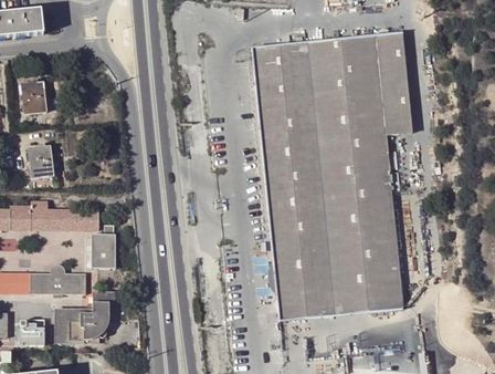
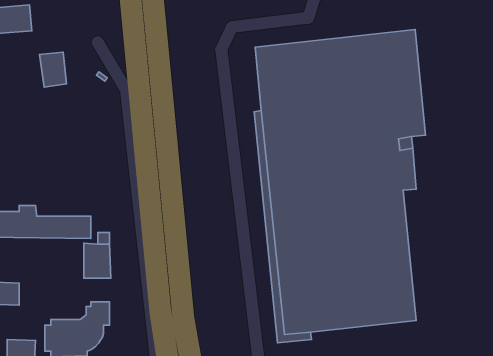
building: [21,82,46,115] -> [40,52,67,87]
building: [28,145,54,178] -> none
building: [31,266,87,293] -> none

